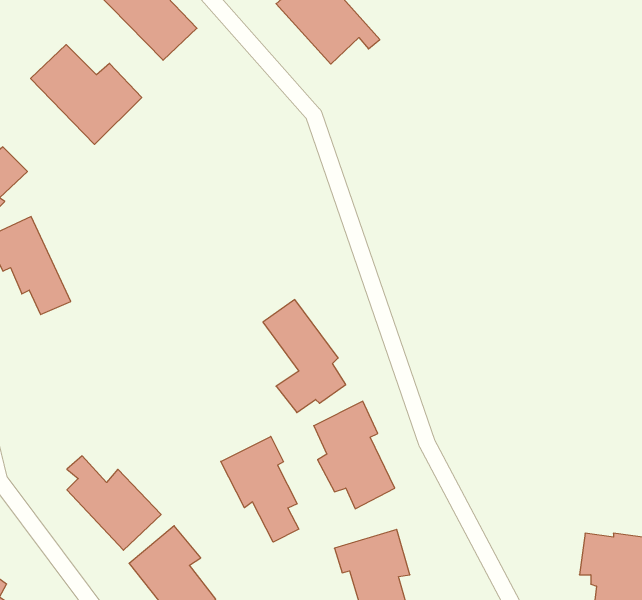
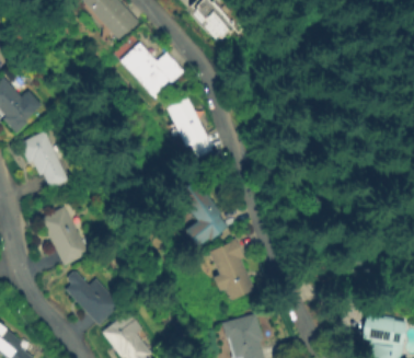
building: [31,45,142,144] -> [119,42,184,100]
building: none -> [165,97,212,158]
building: none -> [38,206,89,266]
building: [221,436,299,542] -> none

